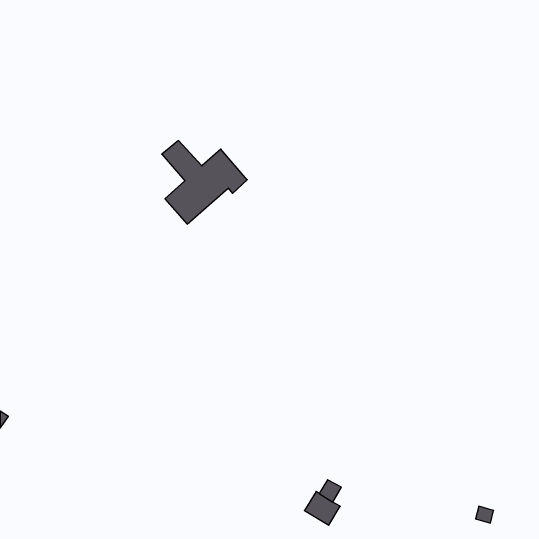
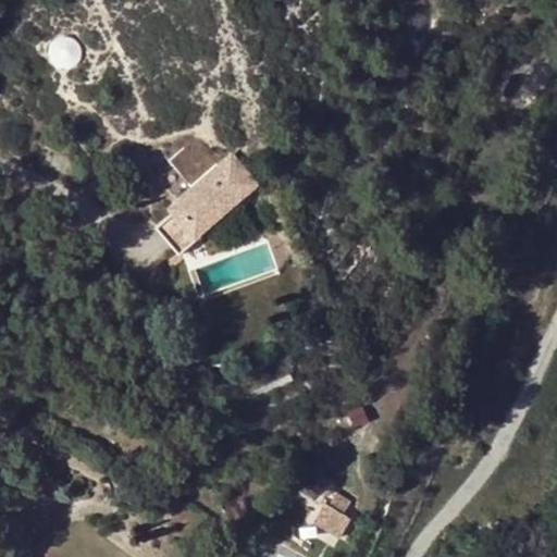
building: none -> [157,194,240,252]

